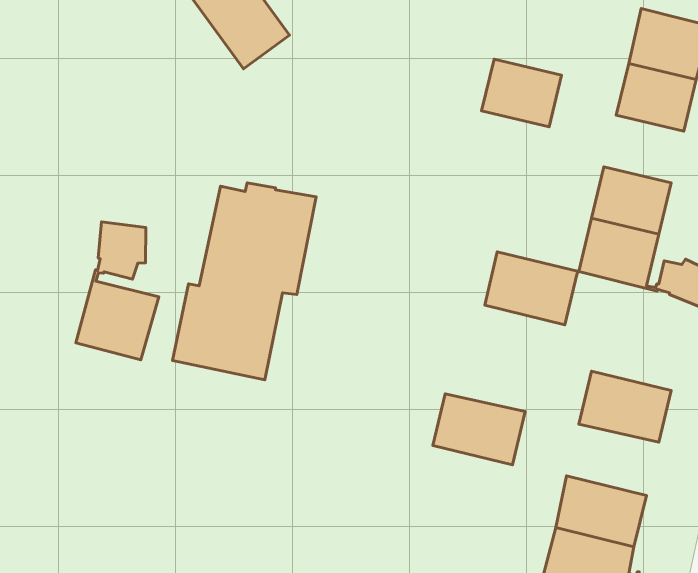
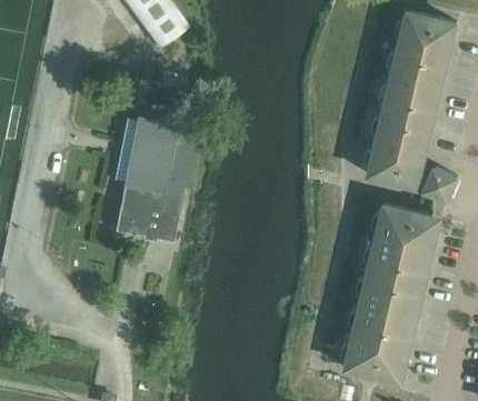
building: [482,59,561,127] -> [382,77,432,119]
building: [76,222,159,360] -> none
building: [485,252,579,325] -> [375,203,434,249]
building: [433,394,525,465] -> [359,270,417,314]

